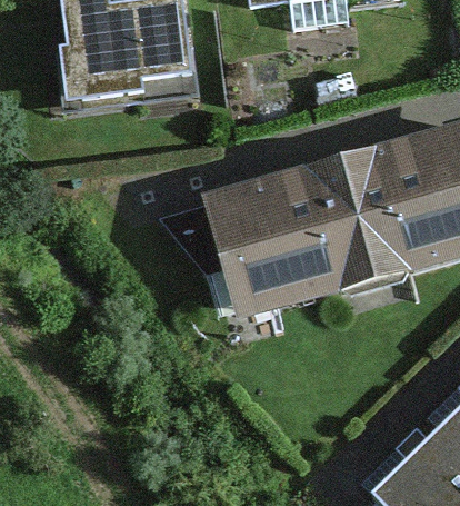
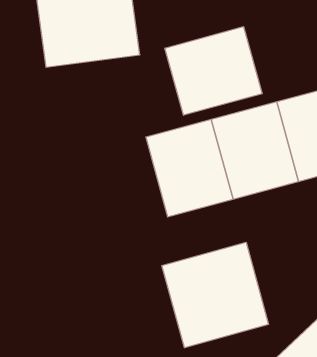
building: none -> [165,27,262,115]
building: none -> [162,242,269,348]

